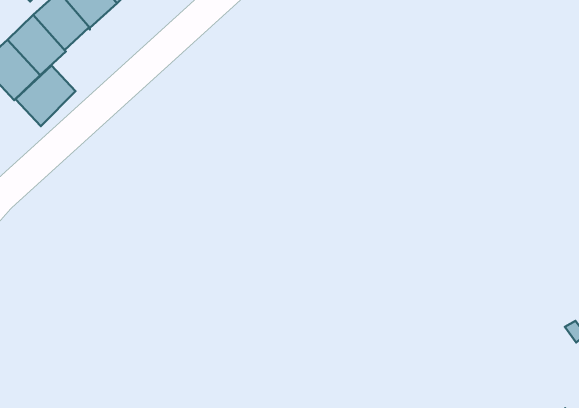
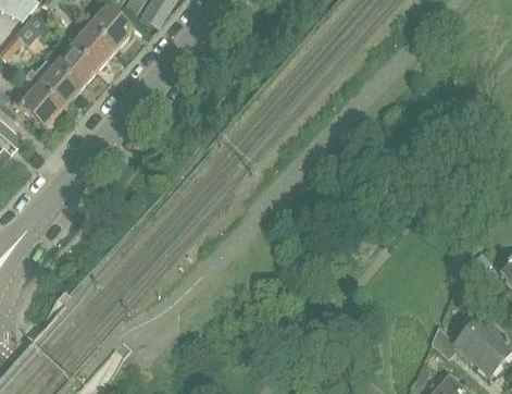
building: [15,66,75,126] -> none

